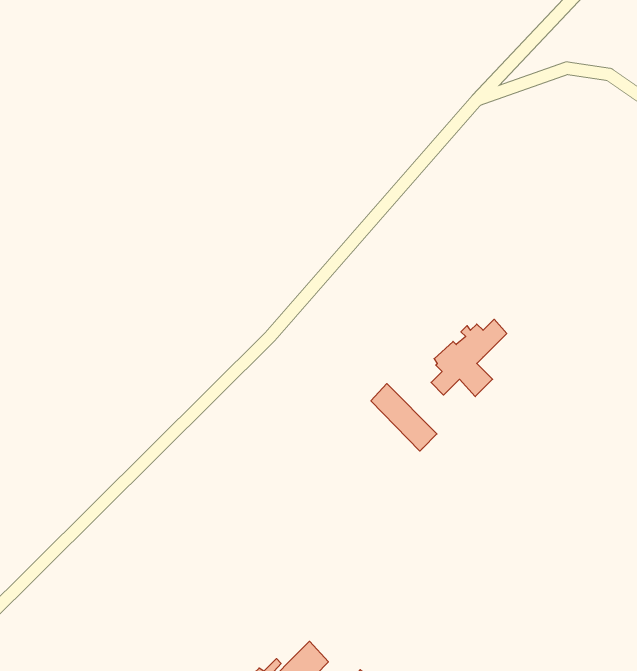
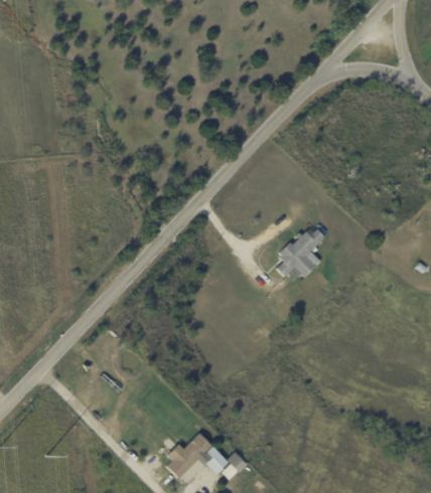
building: [371,384,437,451] -> none

